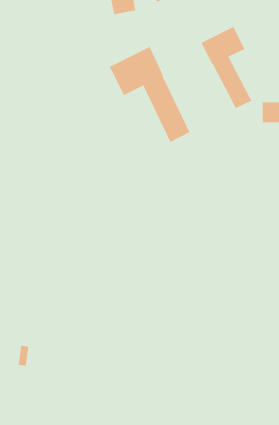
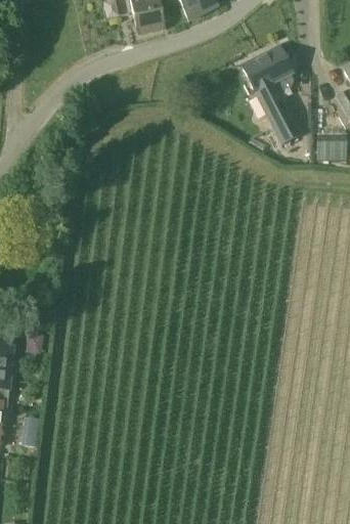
building: [109,46,190,143] -> none

